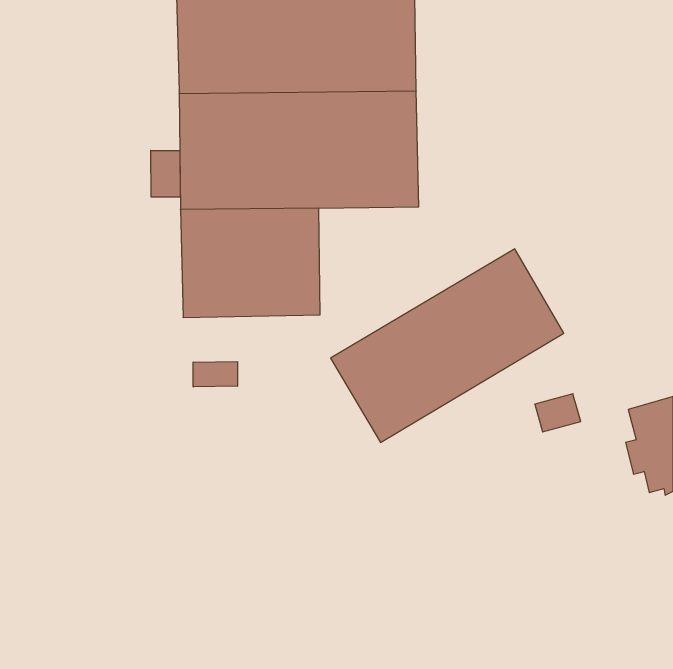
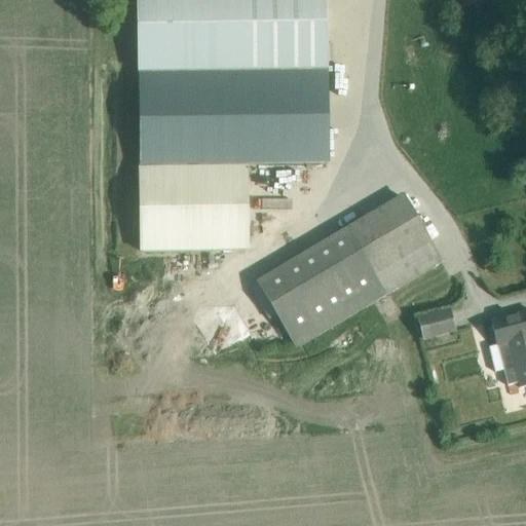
building: [151,150,180,197] -> none
building: [193,362,237,387] -> none

